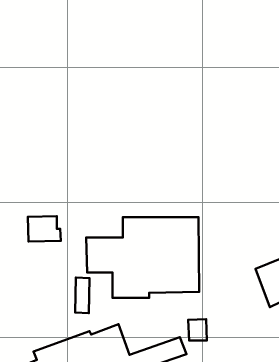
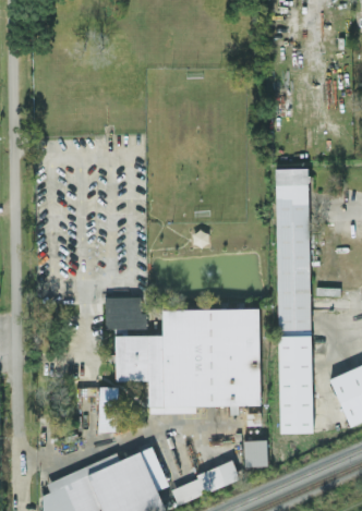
building: none -> [275,170,309,331]
building: [28,216,61,242] -> [105,297,147,330]
building: none -> [279,337,313,436]

